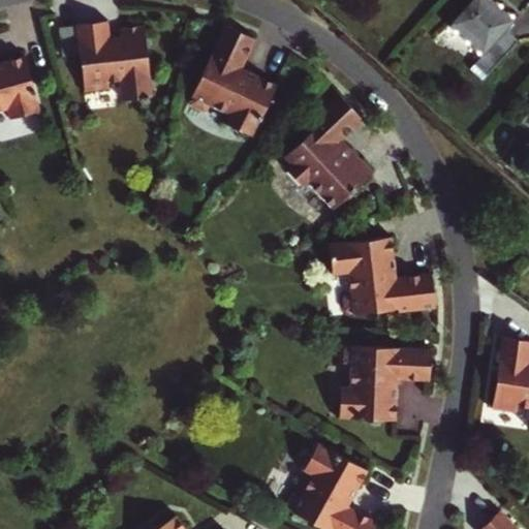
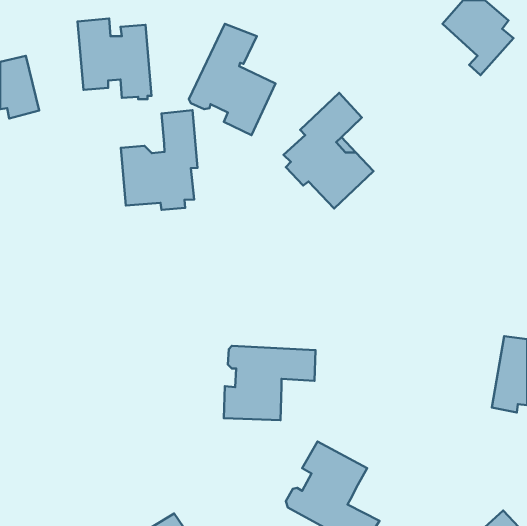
building: none -> [121,110,198,210]
building: [330,238,436,315] -> none
building: [340,346,432,421] -> [224,346,316,420]

